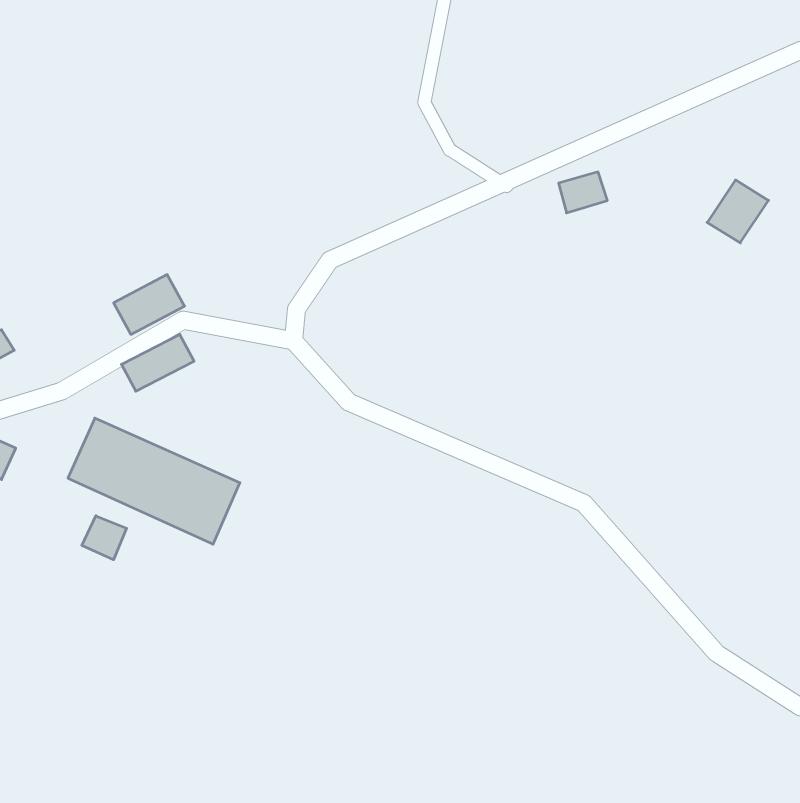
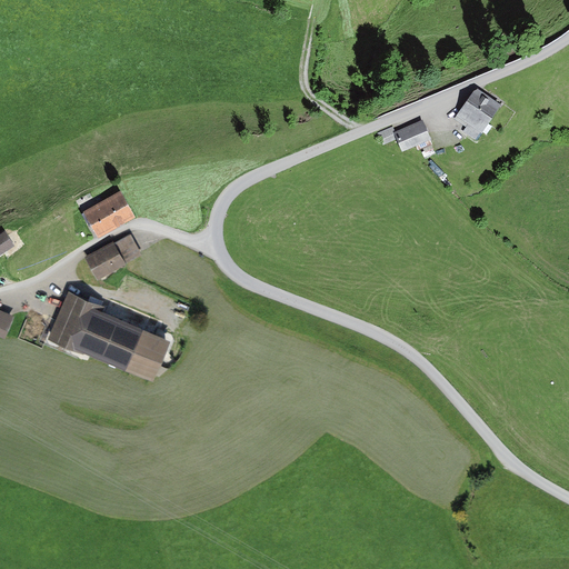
building: [707,180,769,243] -> [459,90,502,134]
building: [82,516,127,560] -> none

